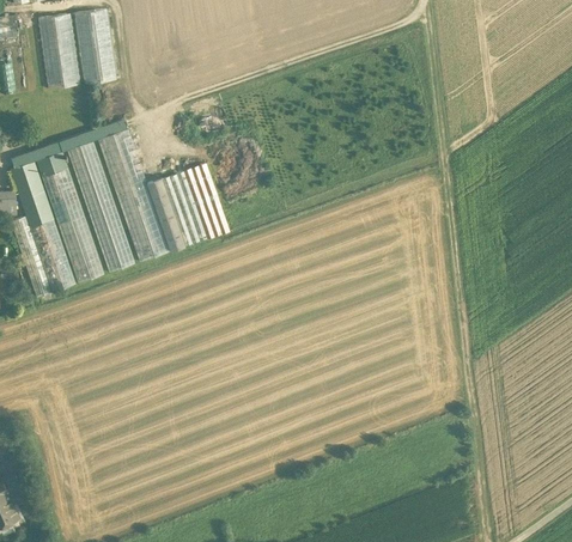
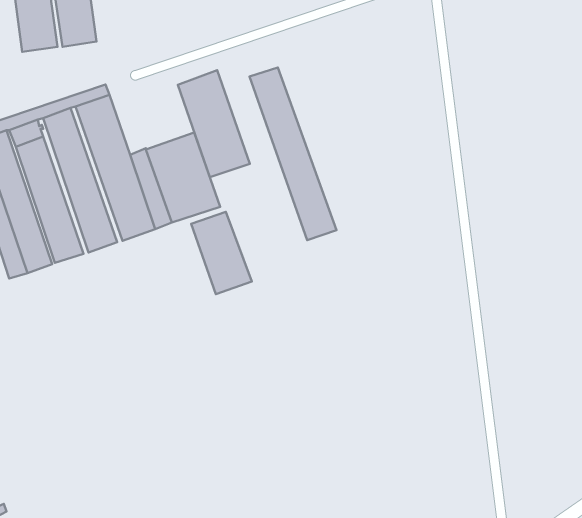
building: none -> [250,67,337,240]
building: none -> [178,70,250,177]
building: none -> [191,212,252,294]

